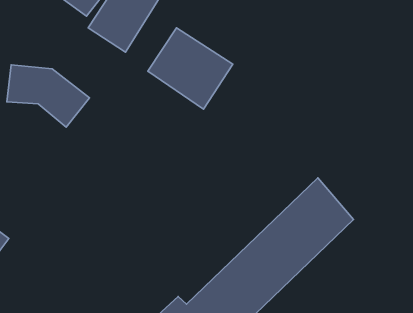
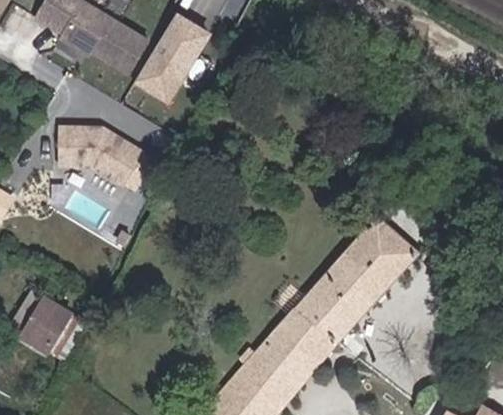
building: [148,28,233,109] -> none

